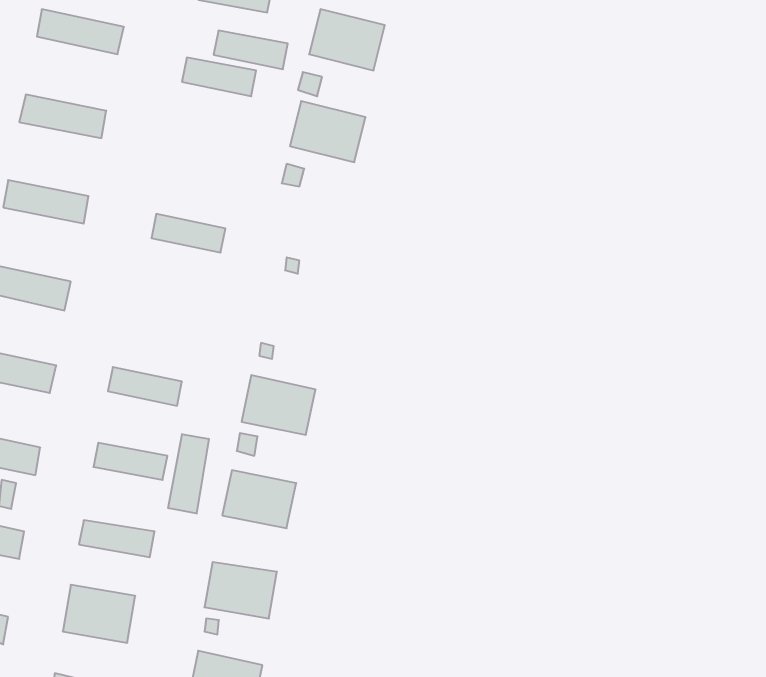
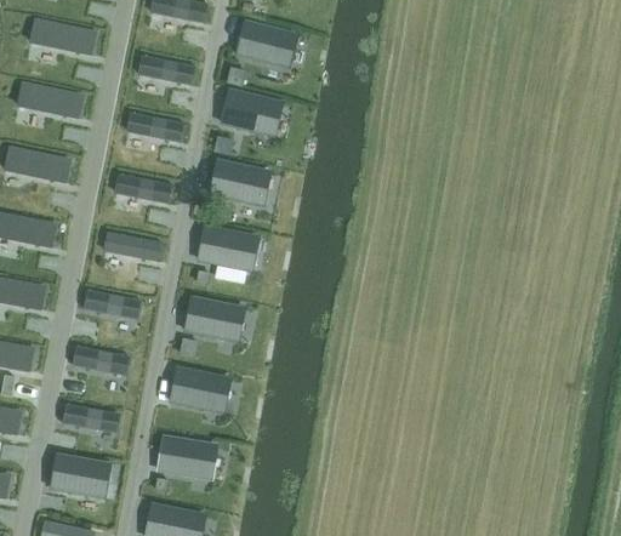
building: [214,31,288,69] -> [130,114,186,143]
building: none -> [210,159,266,204]
building: none -> [199,226,253,269]
building: none -> [106,233,161,262]
building: [168,434,209,514] -> none

